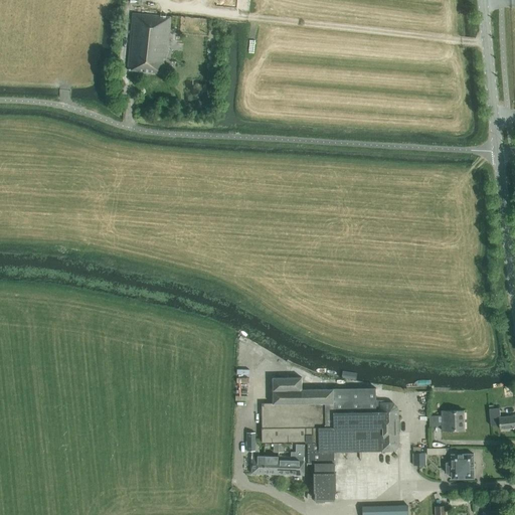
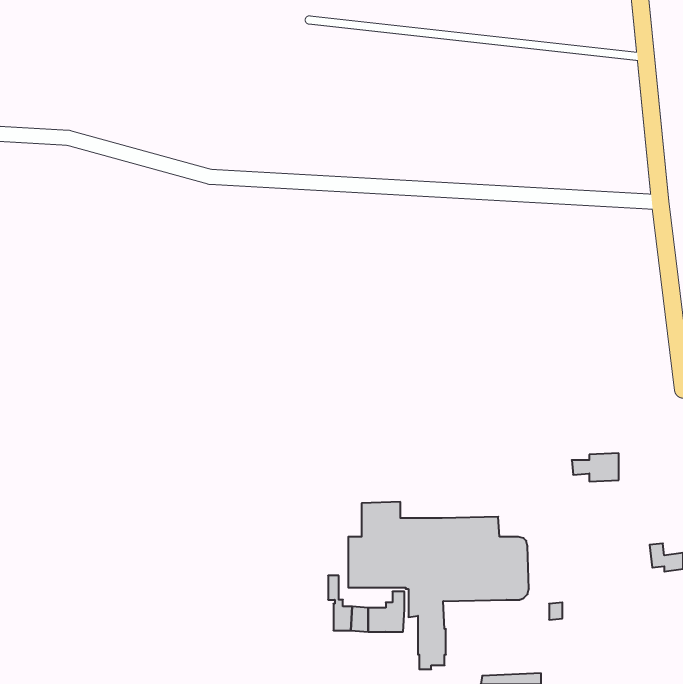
building: [127,13,173,73] -> none
building: [427,410,463,432] -> [572,453,619,481]
building: [445,454,473,479] -> none

